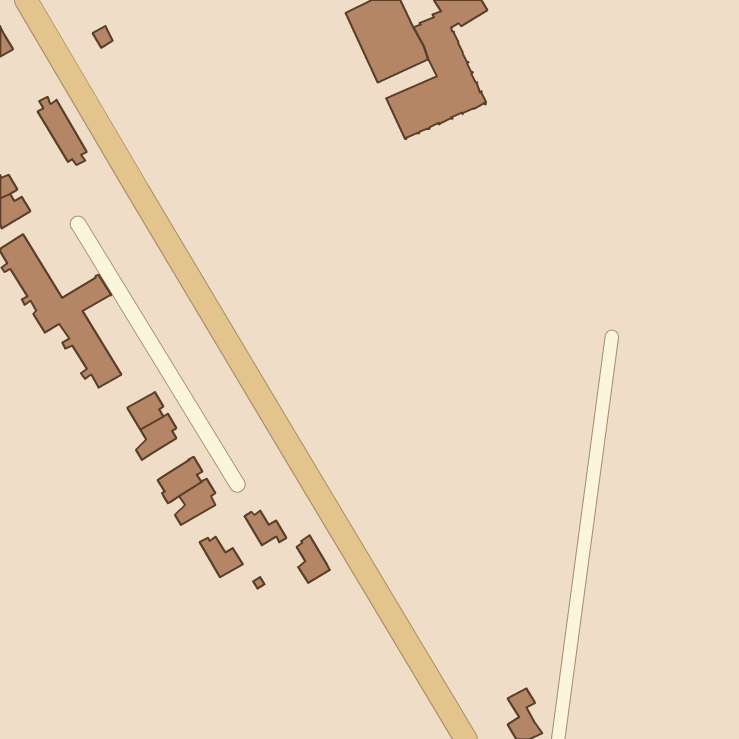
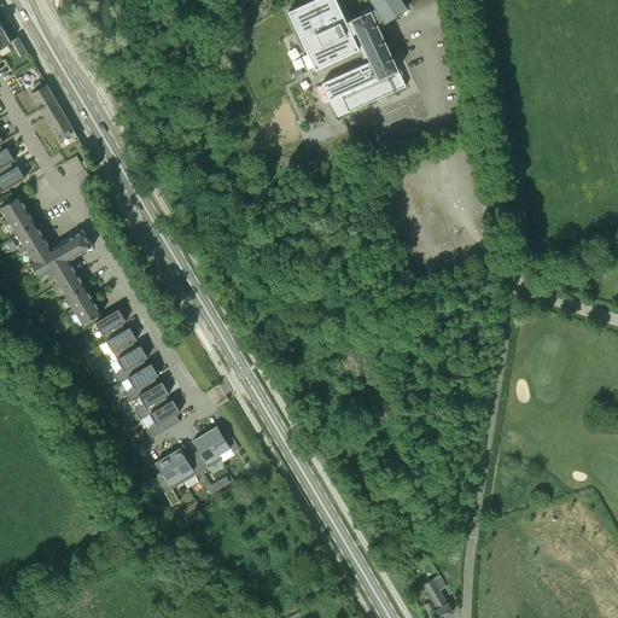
building: none -> [95,309,126,340]
building: none -> [124,363,158,402]
building: [297,535,330,583] -> [193,431,221,471]
building: none -> [156,453,183,492]

